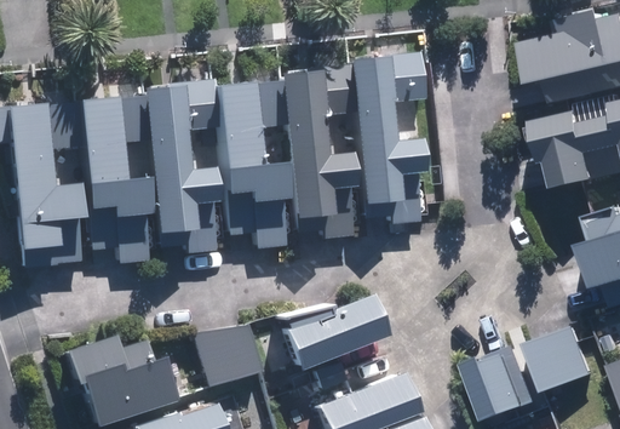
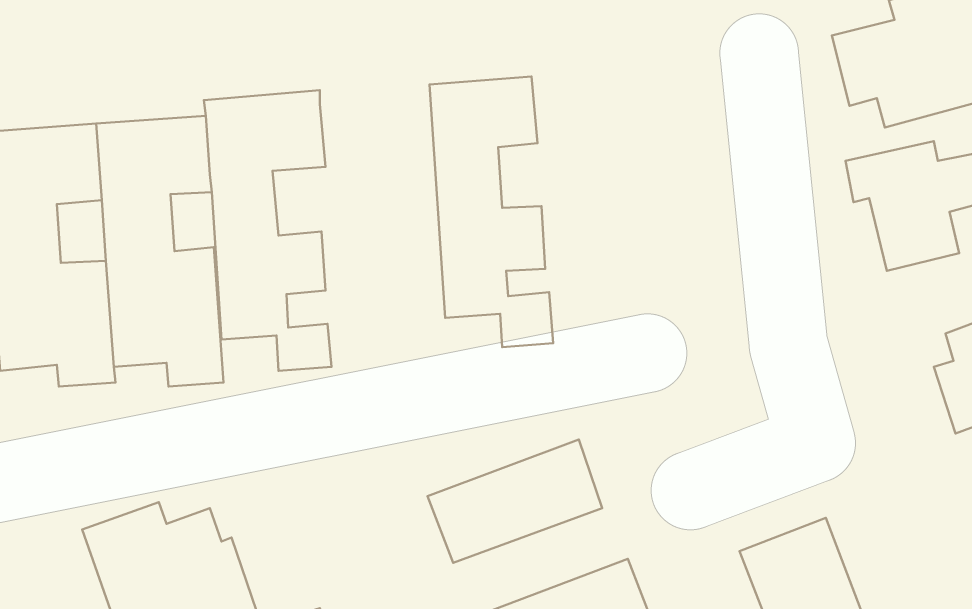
building: [344,53,430,222] -> none
building: [213,82,291,245] -> none
building: [195,320,265,385] -> none
building: [534,322,603,394] -> none

